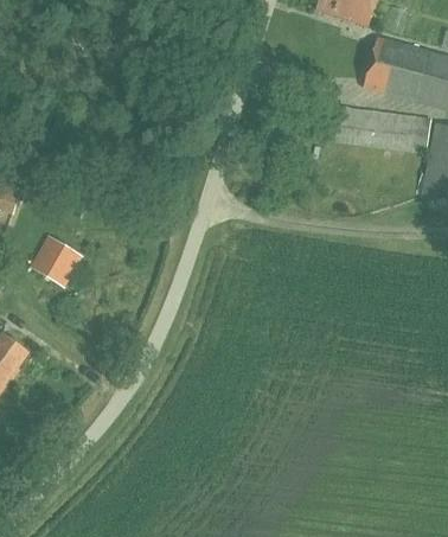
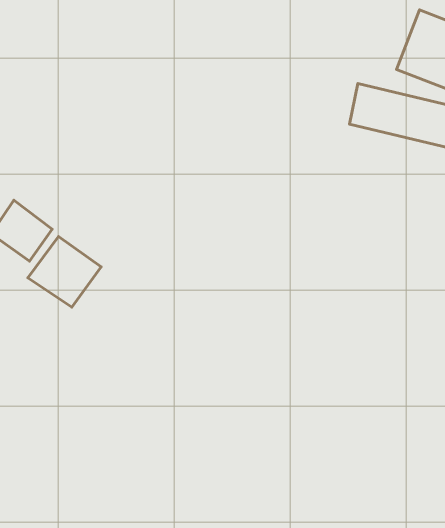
building: none -> [28,236,101,307]

